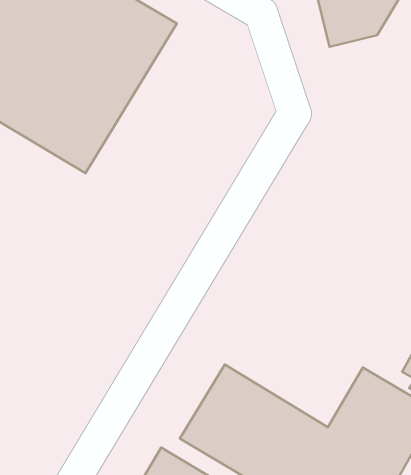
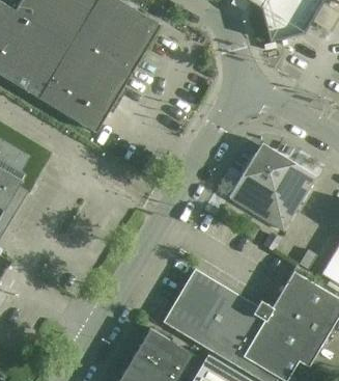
building: none -> [228,143,315,230]

